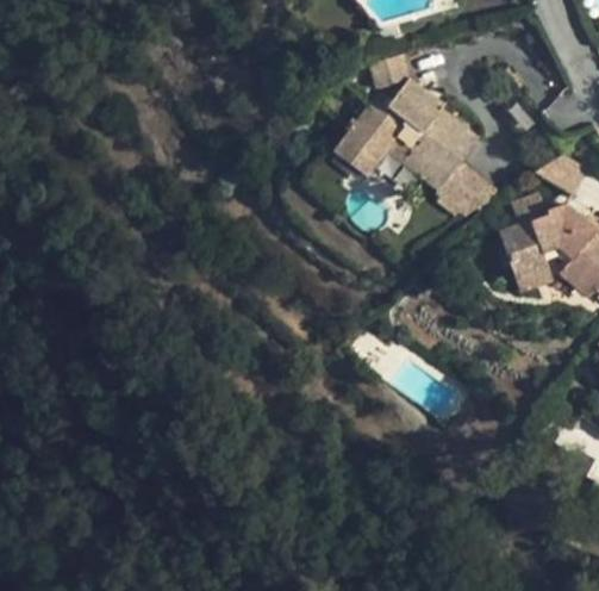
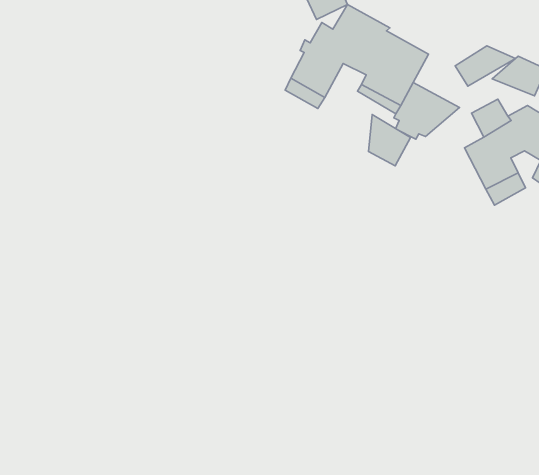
building: none -> [455,46,515,86]
building: none -> [368,115,410,166]

